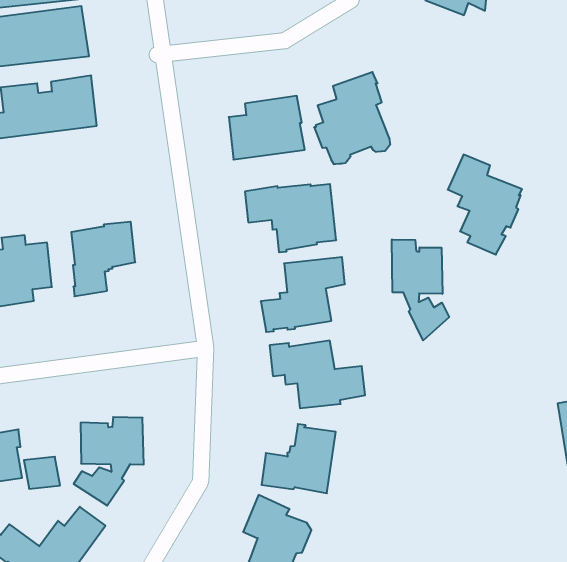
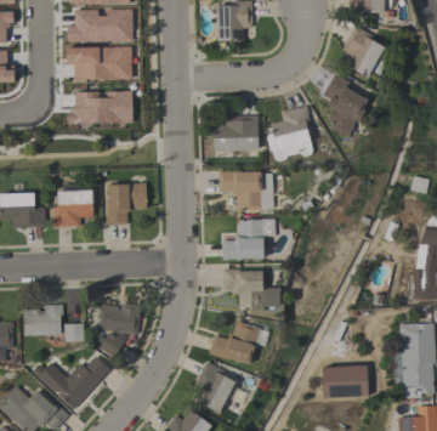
building: [448,155,522,255] -> [323,74,369,138]
building: [392,239,449,340] -> none
building: none -> [322,365,368,398]

